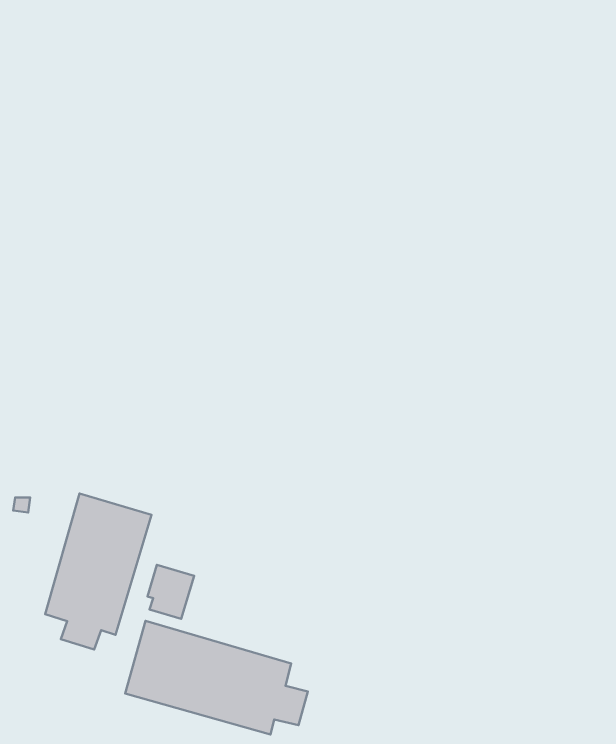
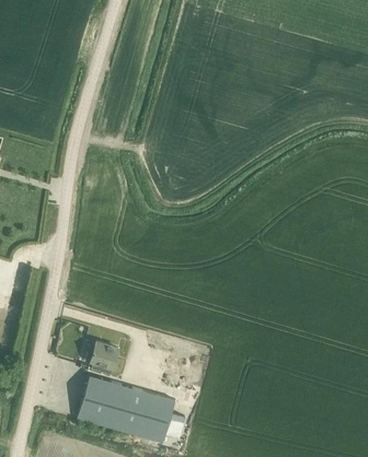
building: [45,493,152,649] -> none

